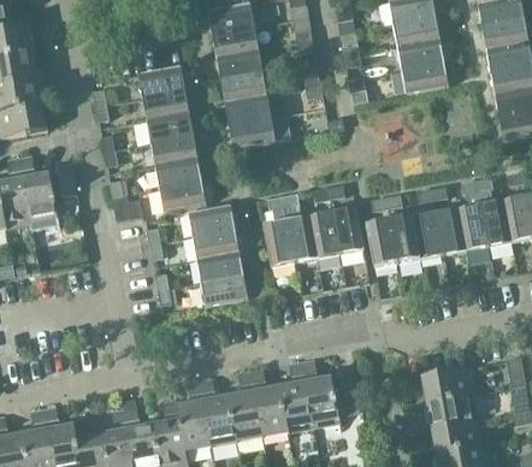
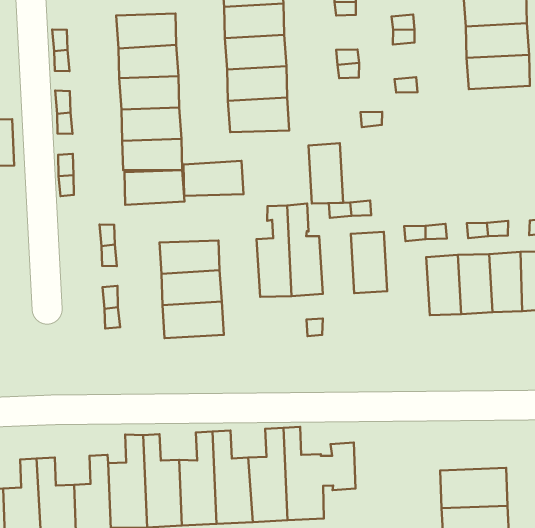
building: [188,205,235,236] -> [183,161,243,196]
building: [308,211,339,258] -> [308,143,343,203]
building: [366,220,397,267] -> none

